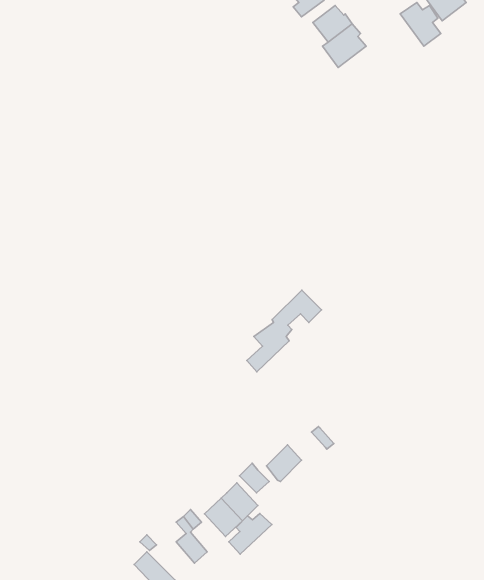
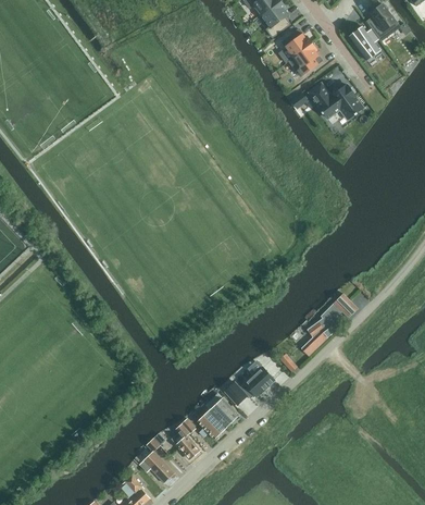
building: none -> [309,82,362,118]
building: [247,290,321,372] -> [300,292,358,355]
building: [229,514,272,554] -> none

